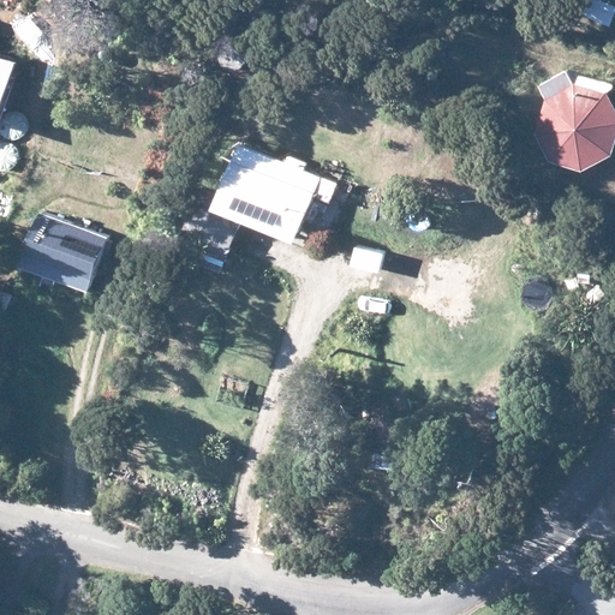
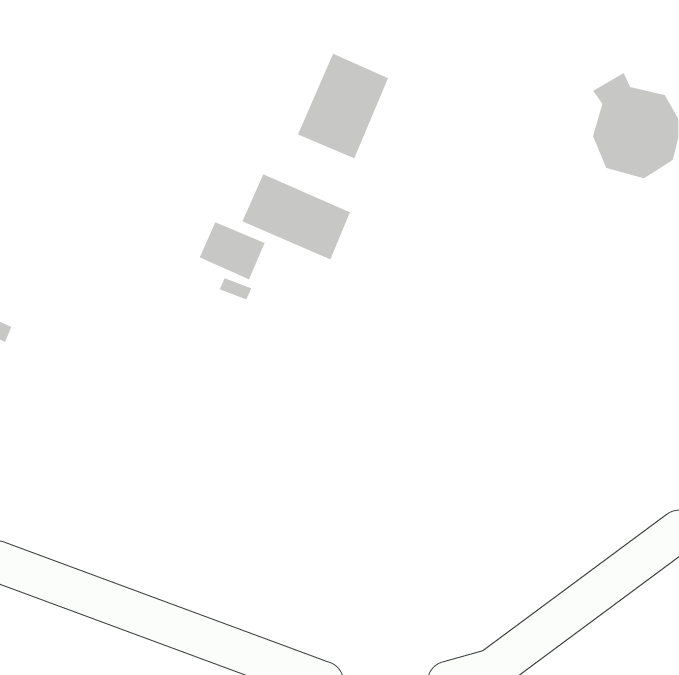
building: none -> [297,53,389,159]
building: [22,211,109,291] -> none

